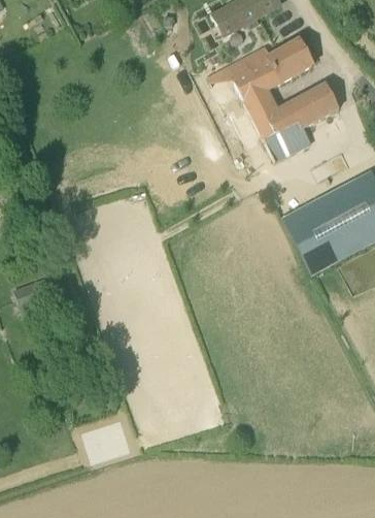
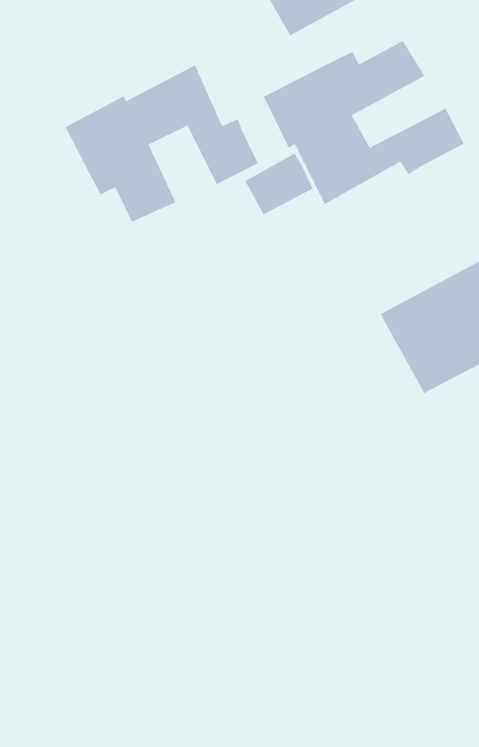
building: none -> [65,64,259,223]
building: [265,119,310,160] -> [244,152,314,215]

